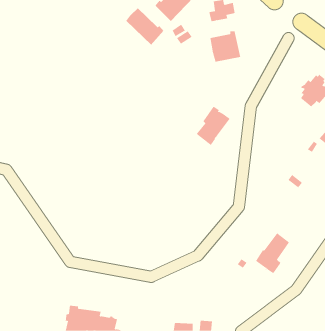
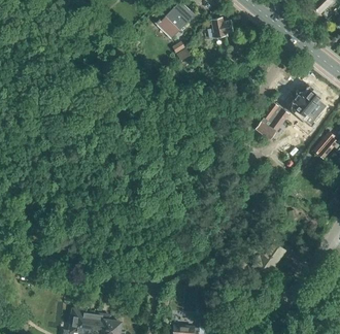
building: [126,7,164,45] -> none
building: [210,30,241,63] -> none
building: [196,106,231,146] -> [256,101,288,139]

